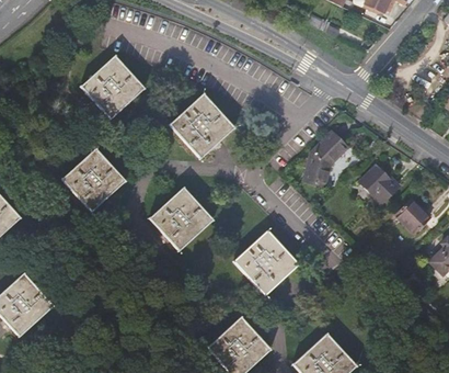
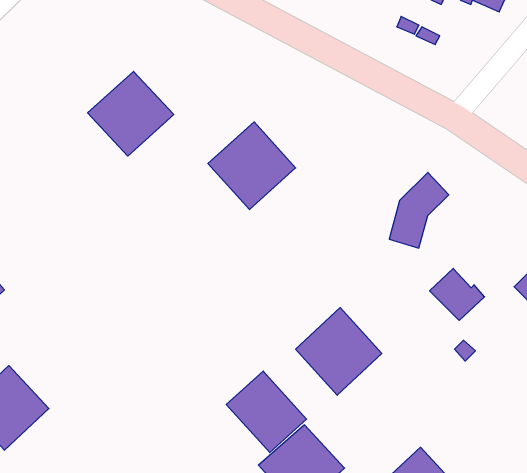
building: [61,148,125,212] -> none
building: [359,165,400,203] -> [430,268,485,320]
building: [150,188,212,250] -> none
building: none -> [226,371,307,453]

